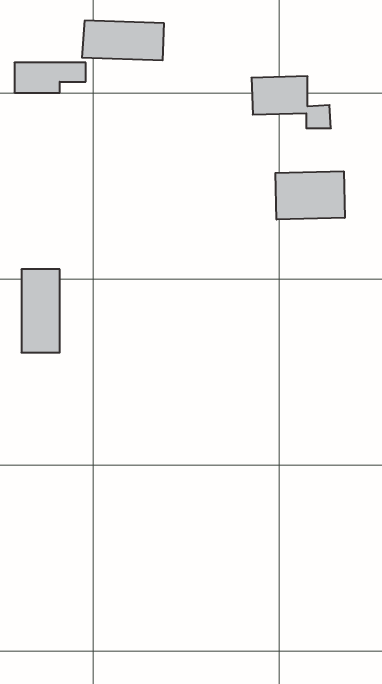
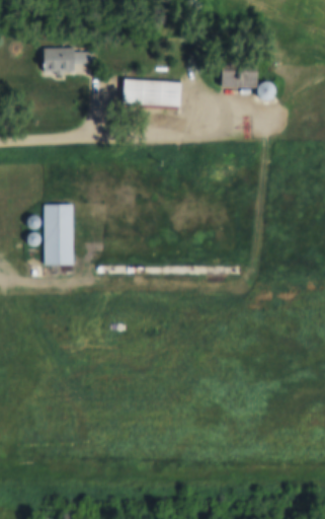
building: [82,21,164,60] -> [119,79,180,108]
building: [275,171,345,220] -> none

